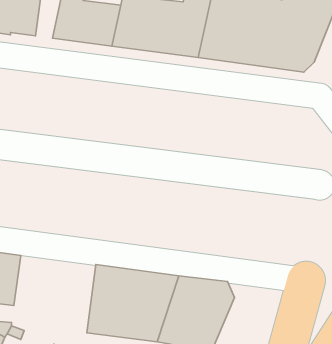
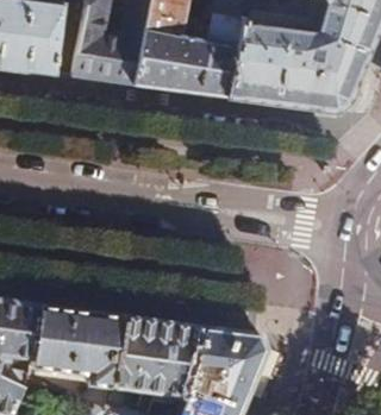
building: none -> [33,306,120,389]

